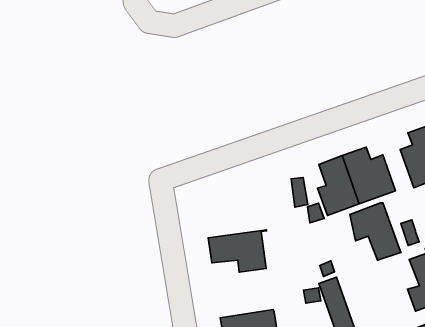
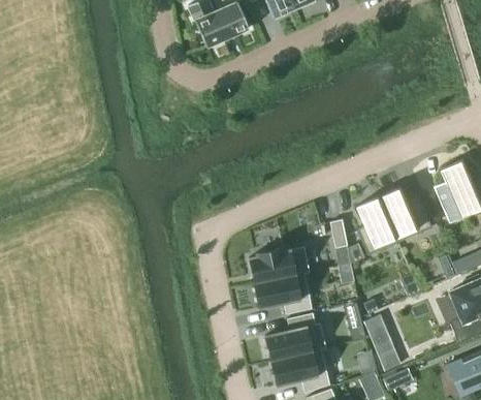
building: [350,203,401,260] -> none
building: none -> [249,246,310,283]
building: none -> [265,312,321,360]

